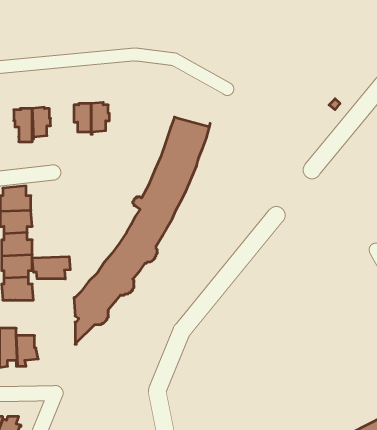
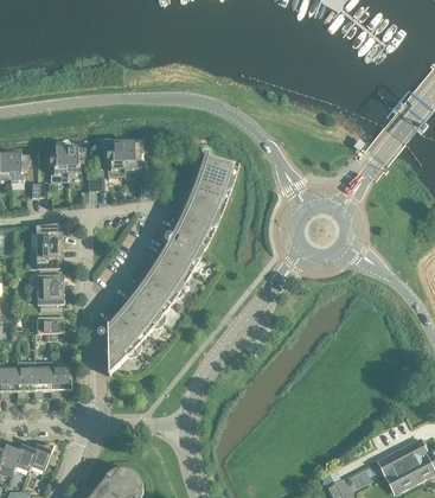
building: [32,257,70,279] -> none

